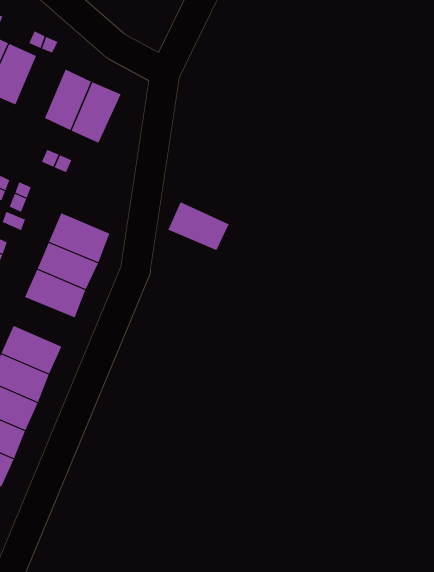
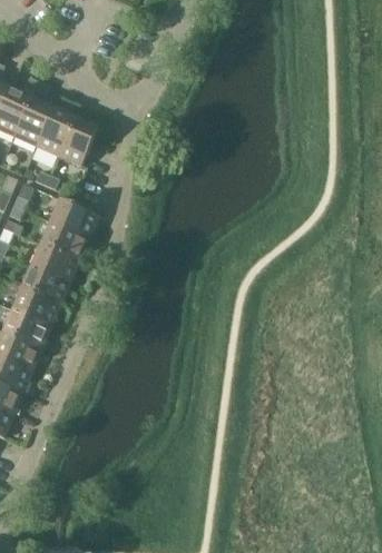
building: none -> [14,97,53,146]
building: [168,202,230,251] -> [50,198,99,237]
building: none -> [12,287,61,326]

